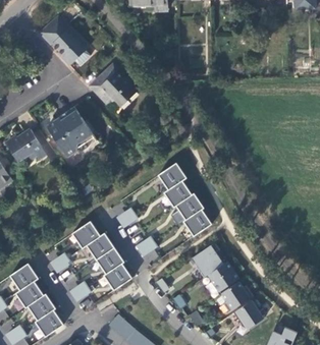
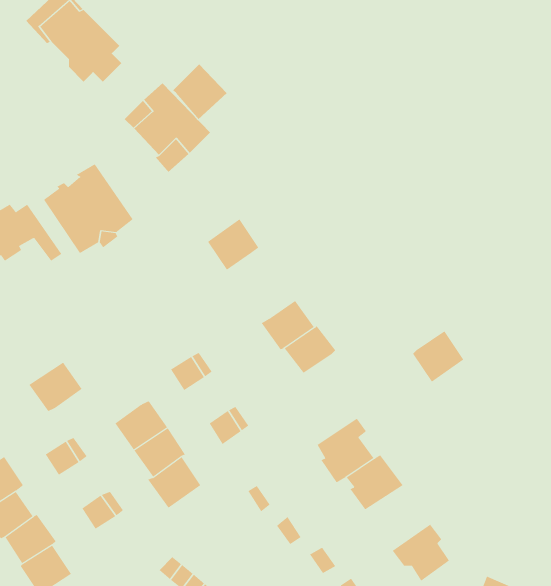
building: none -> [172,64,228,120]
building: [158,162,185,189] -> [207,219,259,271]
building: [183,209,211,236] -> [412,331,464,383]
building: [71,221,100,247] -> [29,362,83,412]
building: [220,281,252,311] -> none

